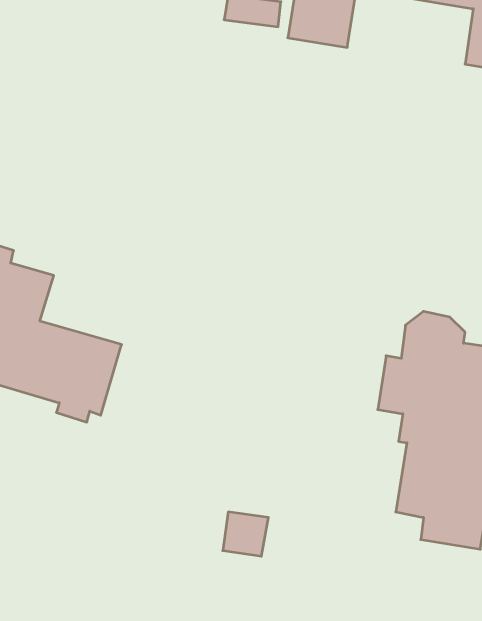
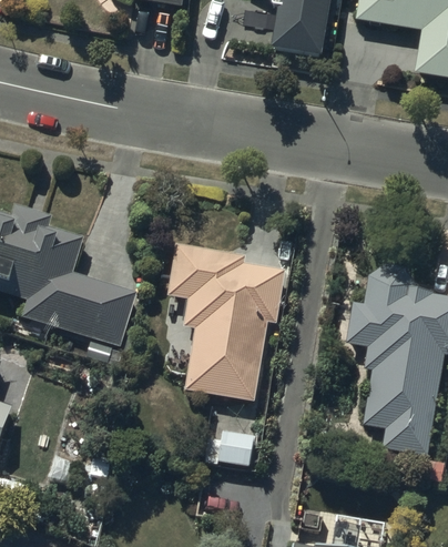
building: none -> [167,243,287,401]

